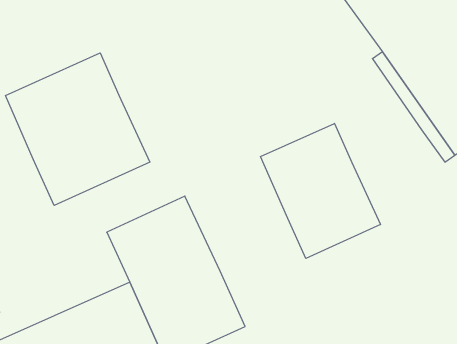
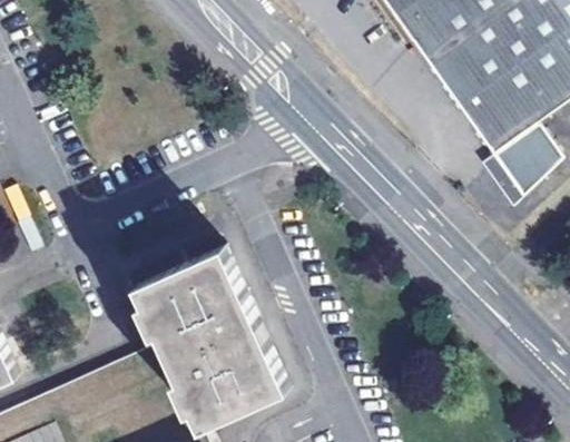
building: [5,53,150,205] -> none
building: [260,123,380,258] -> none

